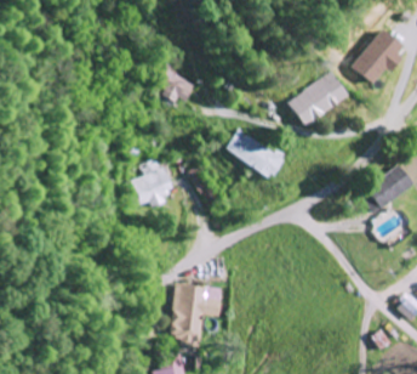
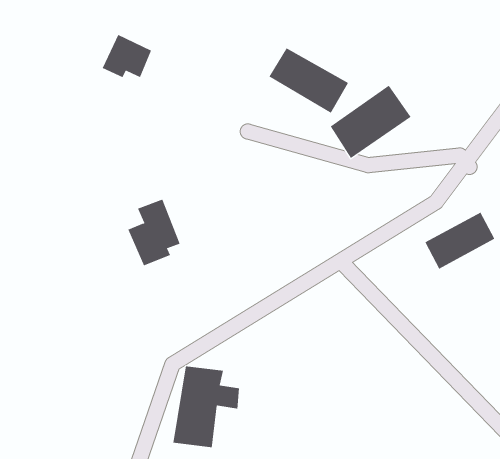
building: [352,30,405,85] -> none
building: [159,69,196,102] -> [102,34,152,78]
building: [225,129,286,178] -> [269,48,349,113]

